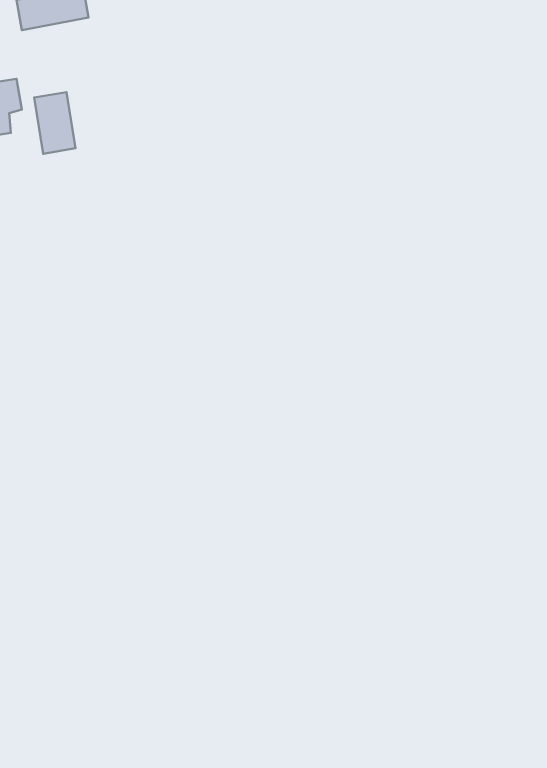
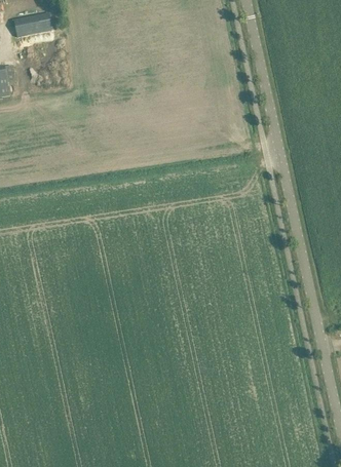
building: [34,92,75,154] -> none

